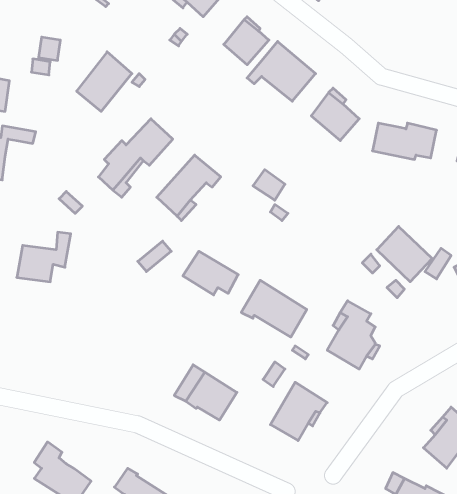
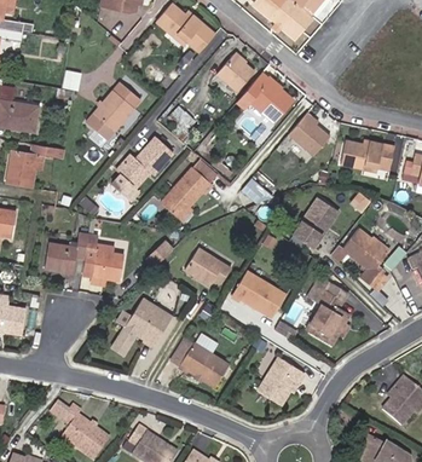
building: none -> [294,198,340,250]
building: none -> [83,232,125,279]
building: none -> [109,299,169,358]

